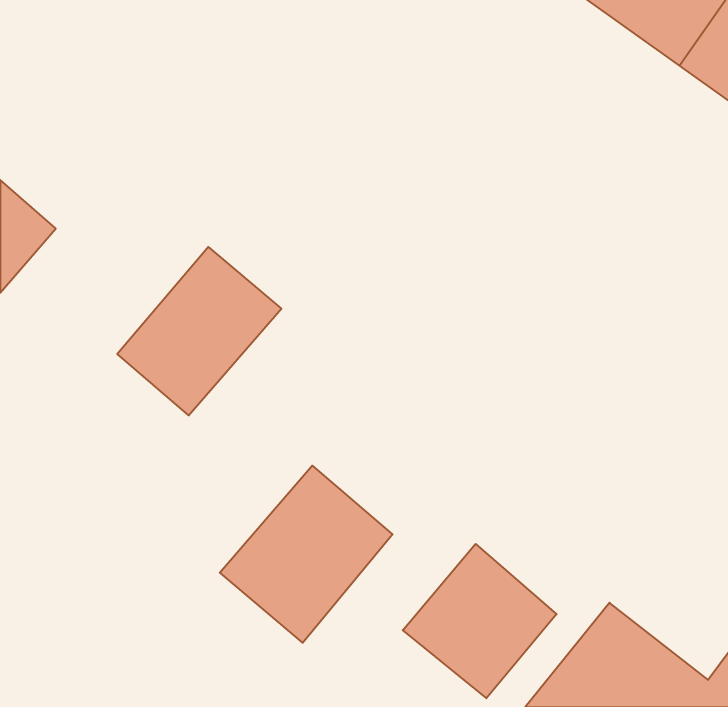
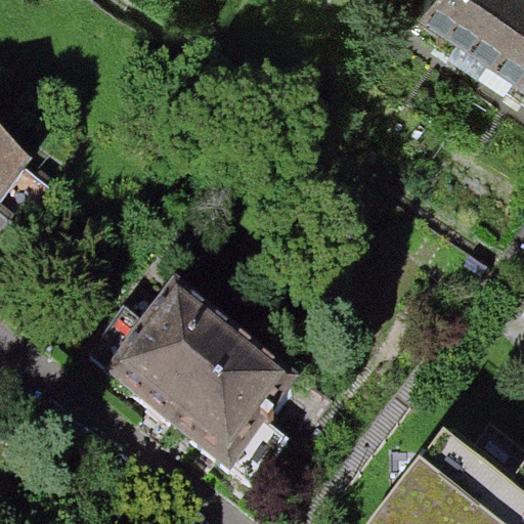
building: [117,247,281,415] -> [107,290,225,410]
building: [403,544,557,698] -> none

